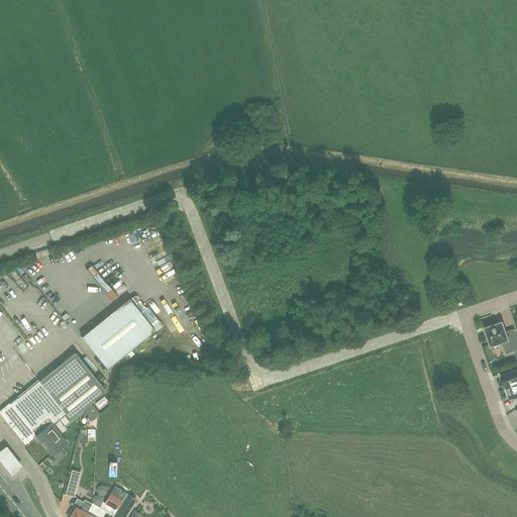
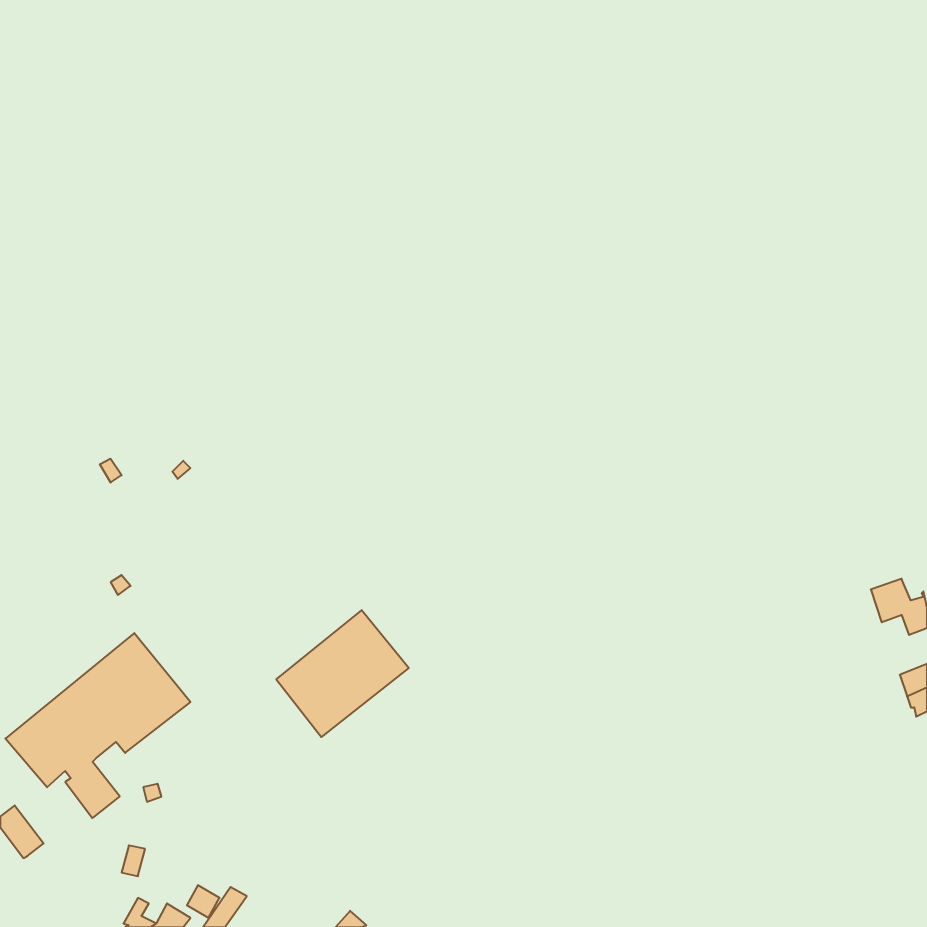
building: [82,299,156,370] -> [276,610,409,737]

